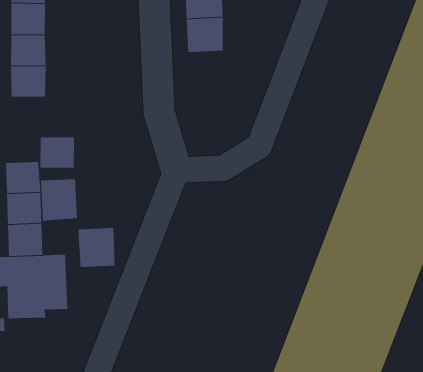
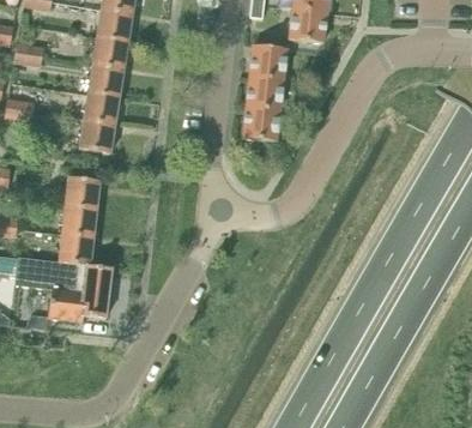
building: none -> [243,106,279,140]
building: [39,137,75,168] -> [79,120,115,152]
building: [41,179,77,222] -> none
building: [78,227,115,268] -> none

